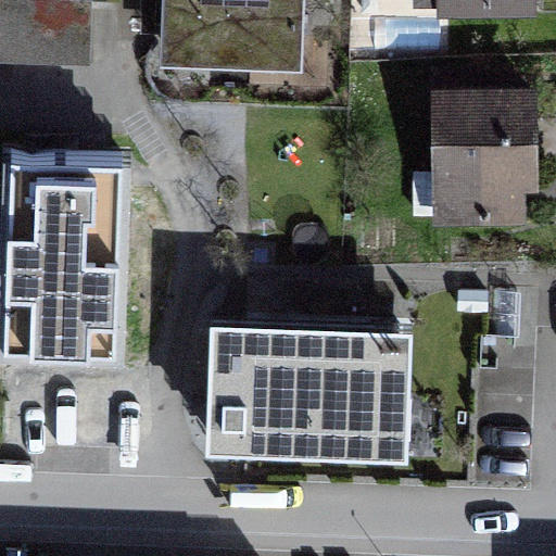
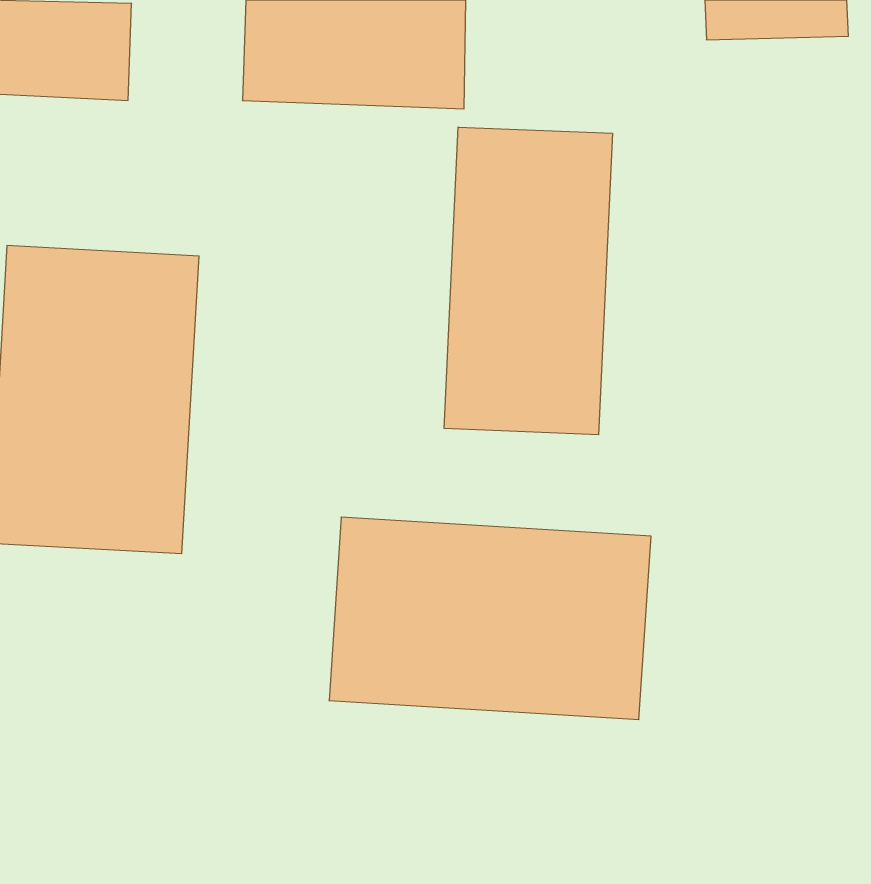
building: none -> [444,127,612,435]
building: [438,105,536,227] -> none

